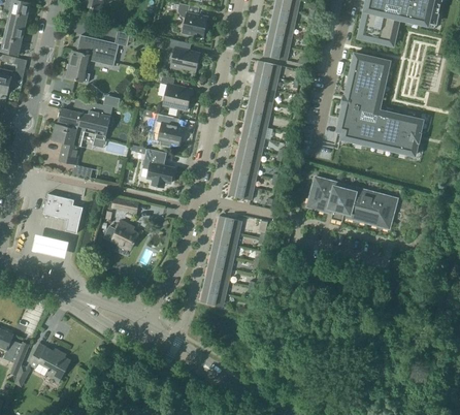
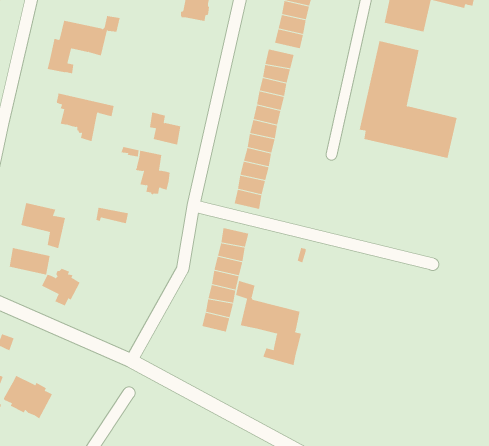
building: [169,39,199,71] -> none
building: [161,75,191,110] -> none
building: [52,109,87,165] -> none
building: [307,181,397,229] -> none
building: [104,222,138,255] -> [41,268,81,306]
building: none -> [235,280,302,366]

